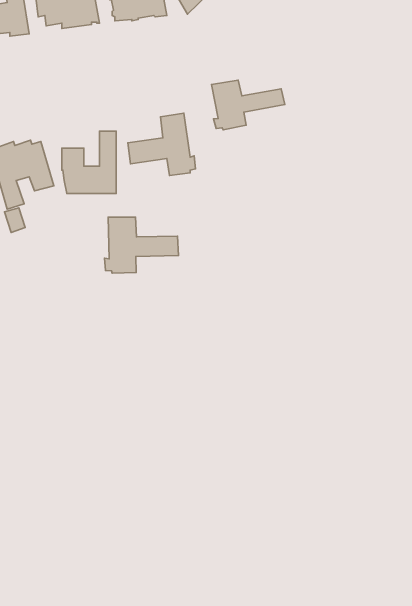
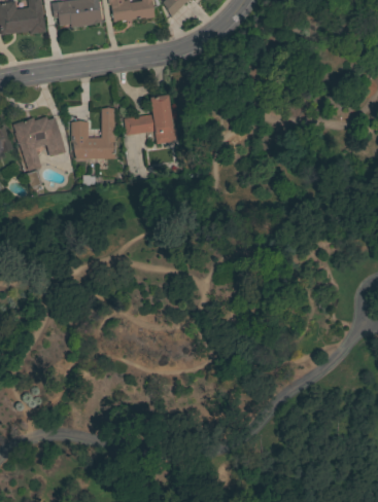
building: [212,80,285,130] -> none
building: [104,217,178,273] -> none

